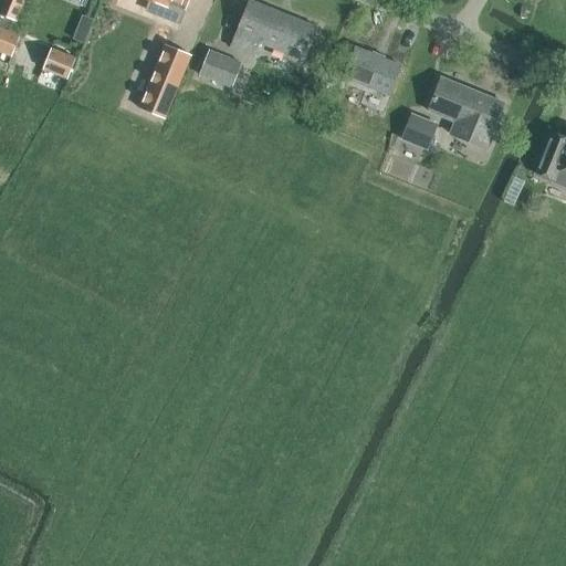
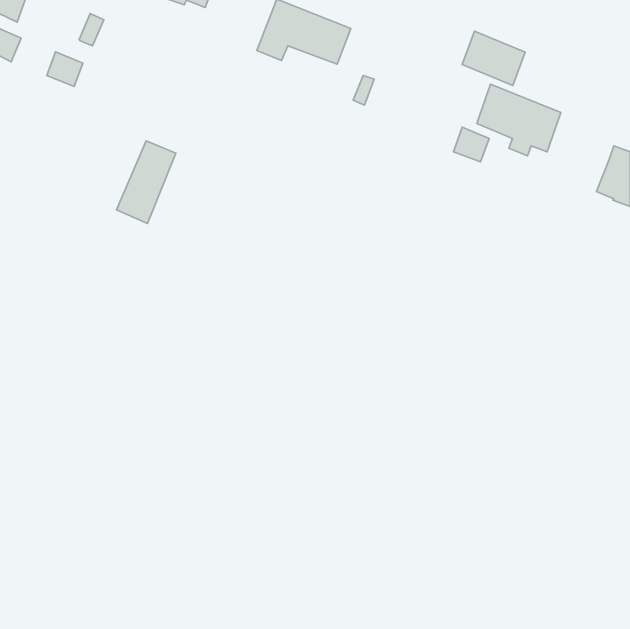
building: [137,43,190,117] -> [117,141,176,224]
building: [343,45,399,94] -> [462,31,525,85]
building: [205,50,243,84] -> none

